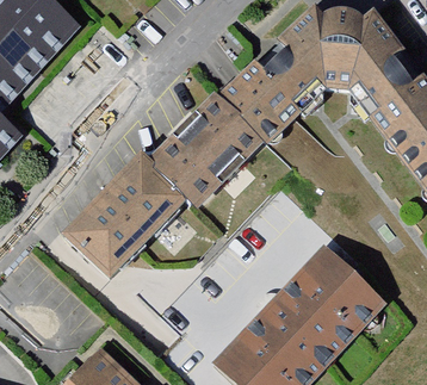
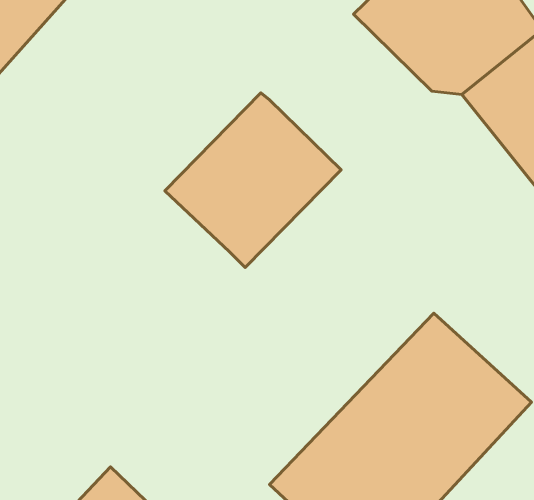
building: [214,39,324,150] -> none
building: [62,156,186,281] -> none

